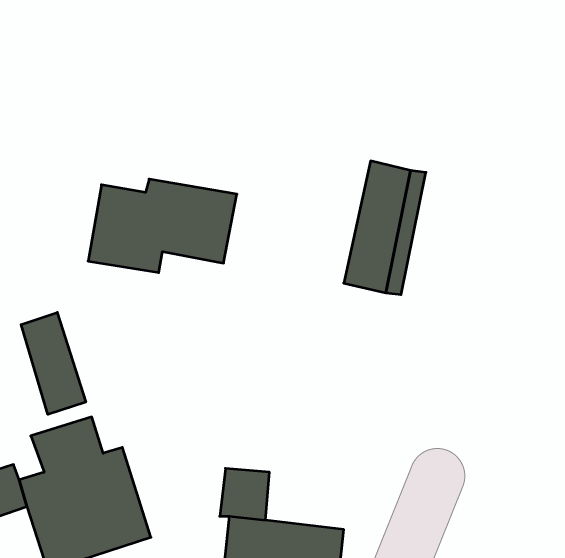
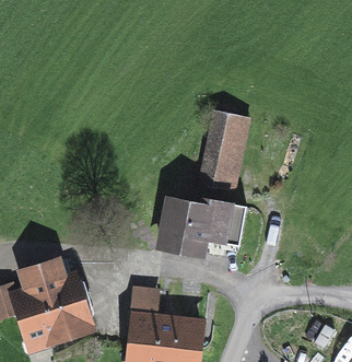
building: [88,179,237,273] -> [160,199,245,253]
building: [21,312,86,414] -> none

